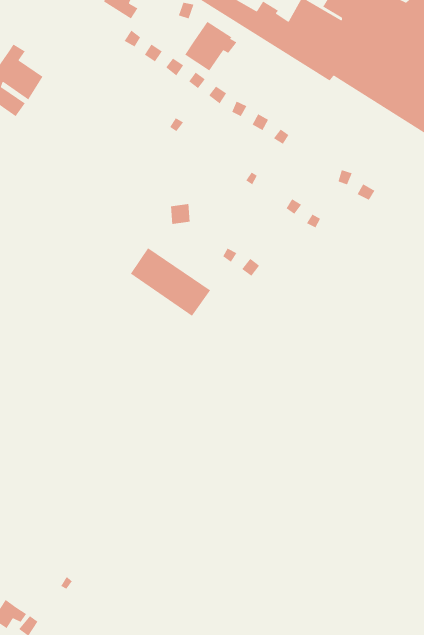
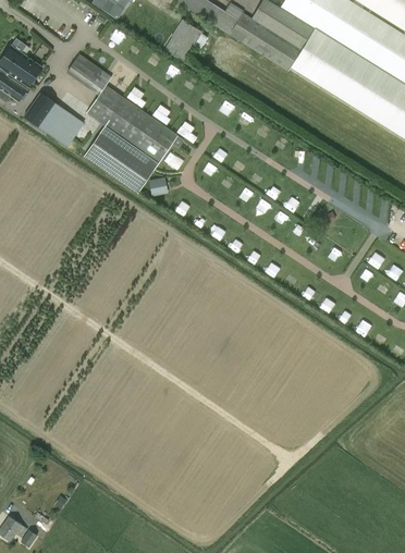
building: none -> [68,56,179,162]
building: none -> [24,91,85,147]
building: [130,247,211,317] -> [85,133,155,193]

